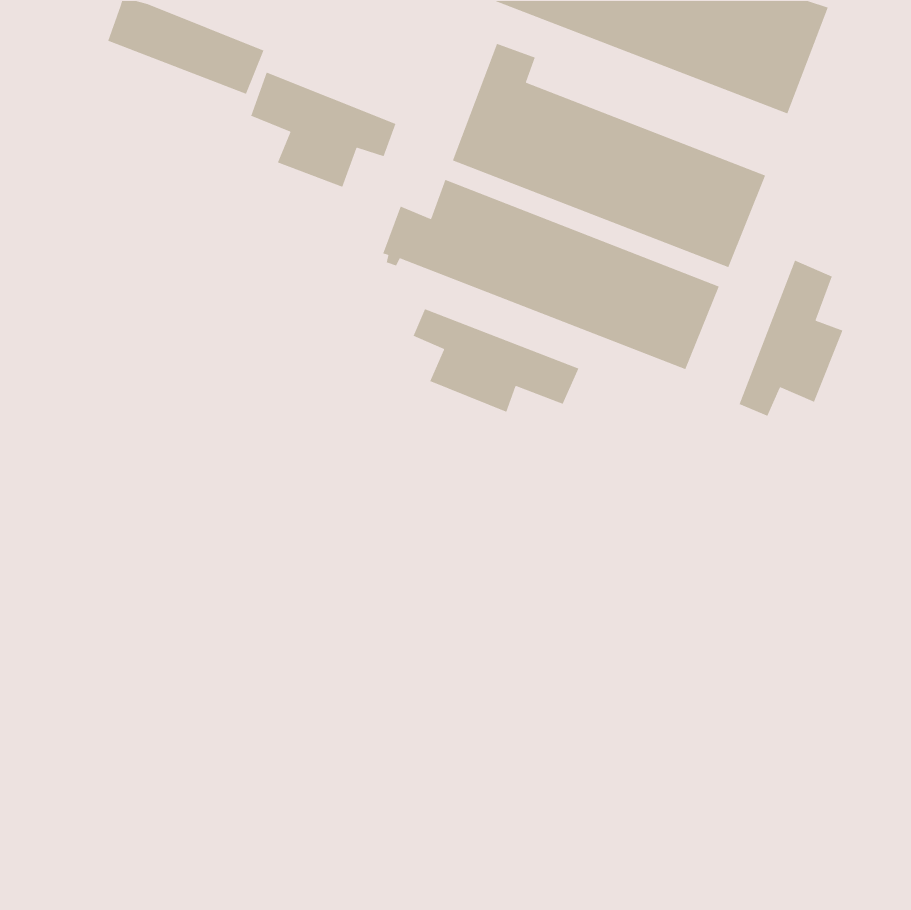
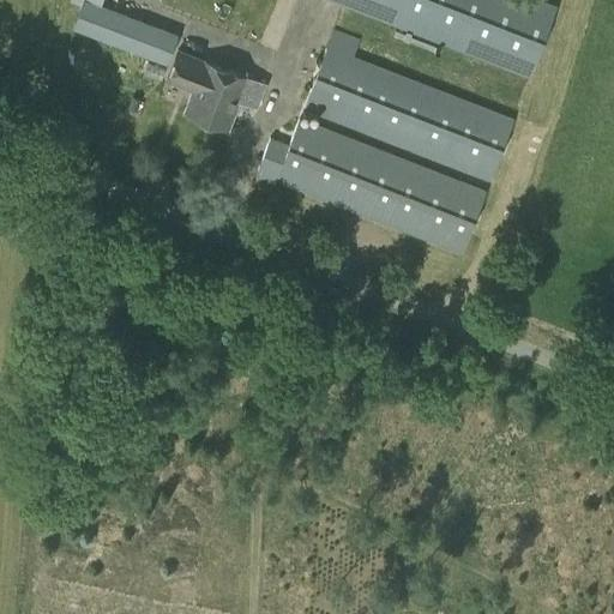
building: [738,259,844,417] -> none
building: [413,308,579,413] -> none

